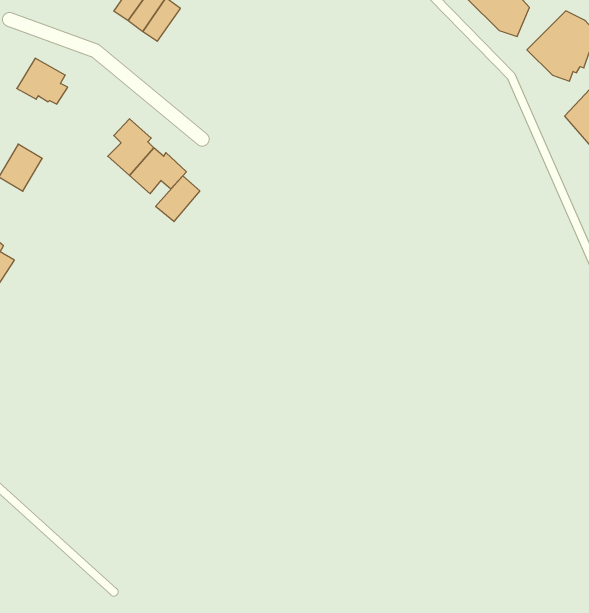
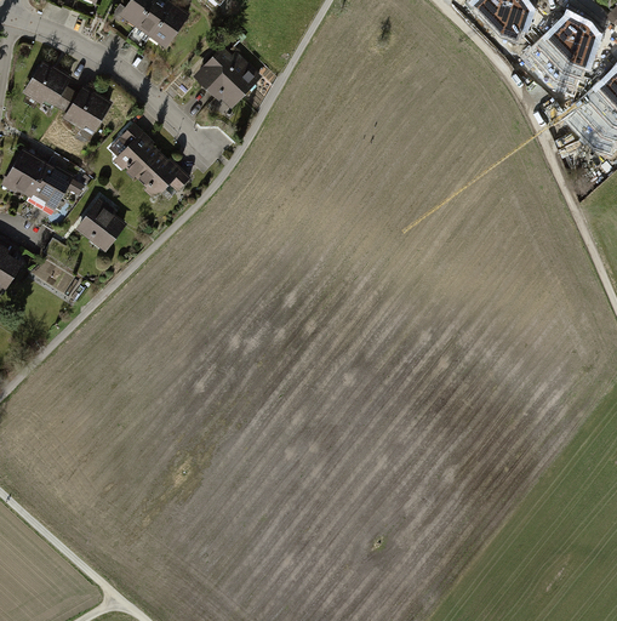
building: none -> [195,45,259,108]
building: none -> [62,85,112,131]
building: none -> [28,163,70,209]
building: [156,176,200,222] -> none
building: none -> [75,199,124,252]

